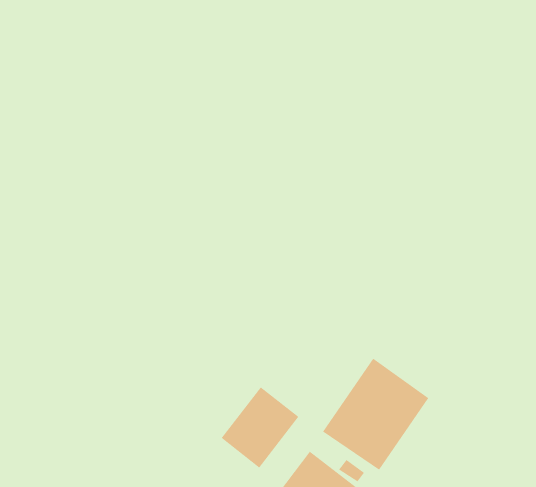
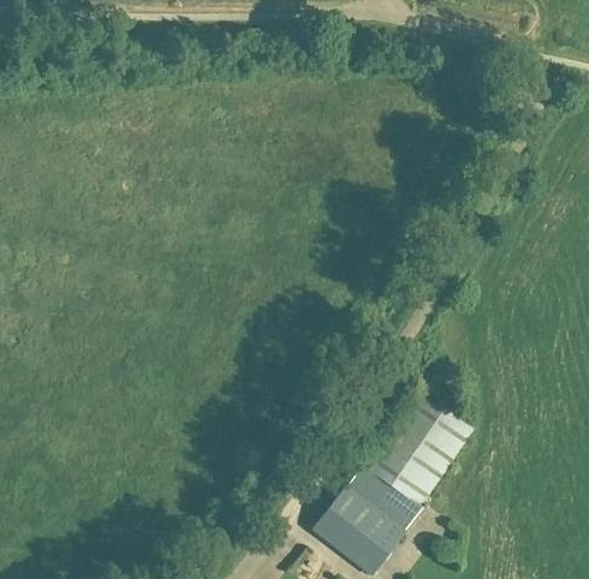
building: [221,386,299,468] -> none

